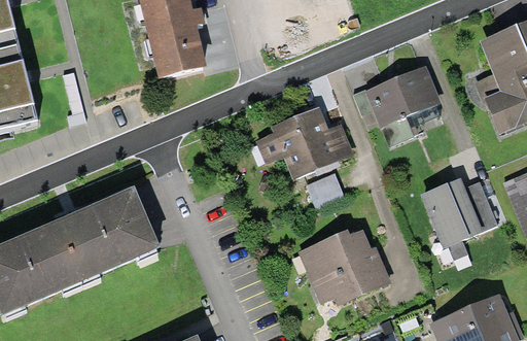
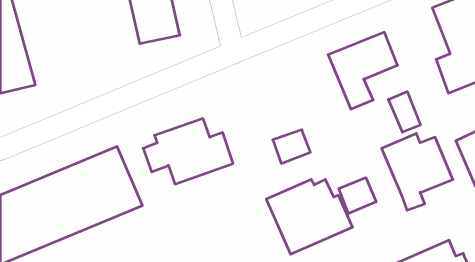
building: [254,106,353,178] -> [143,119,233,184]
building: none -> [388,92,420,132]
building: none -> [339,178,376,214]

